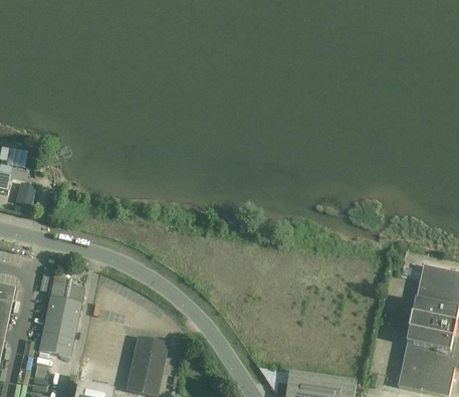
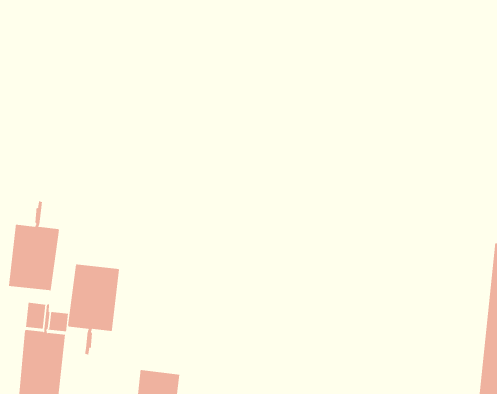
building: none -> [8,200,59,291]
building: none -> [67,263,120,356]

